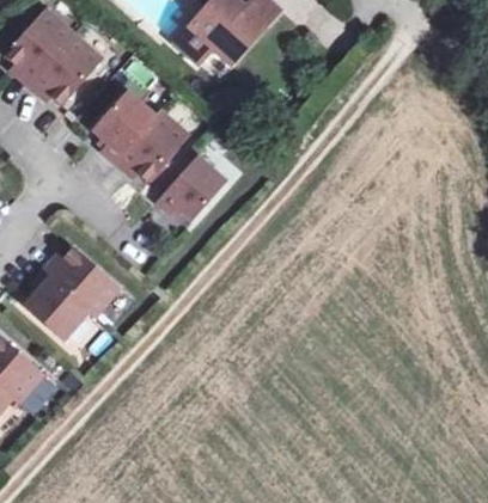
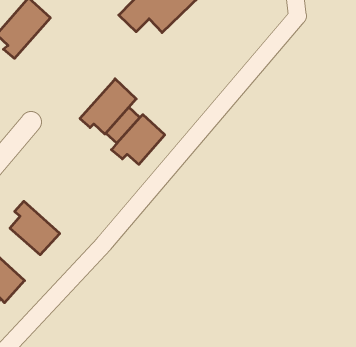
building: [30,33,105,106] -> none
building: [92,93,155,164] -> none
building: [42,247,120,318] -> none

